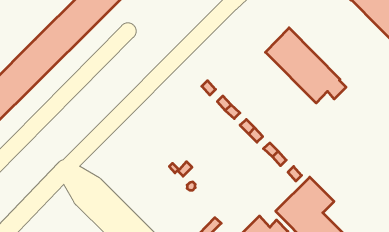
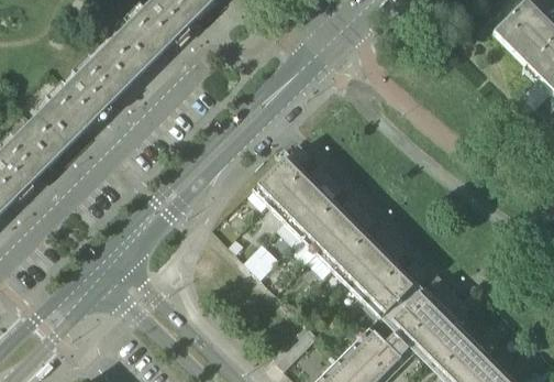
building: [265,28,346,103] -> none
building: none -> [253,155,412,315]

